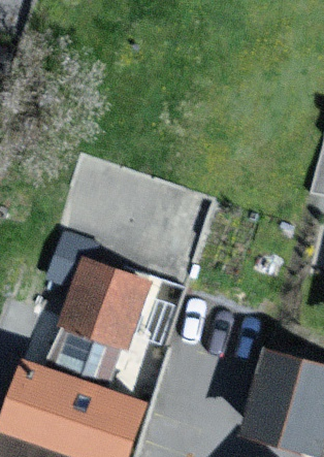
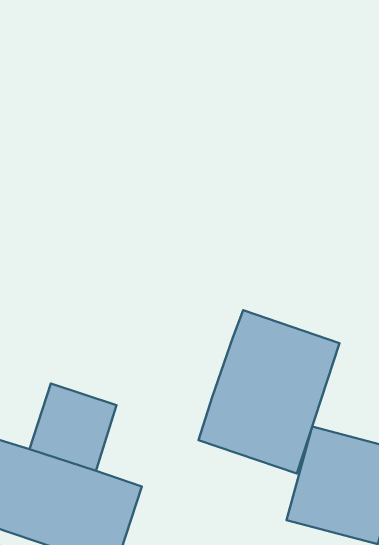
building: [63,261,141,339] -> none
building: none -> [198,310,339,473]

